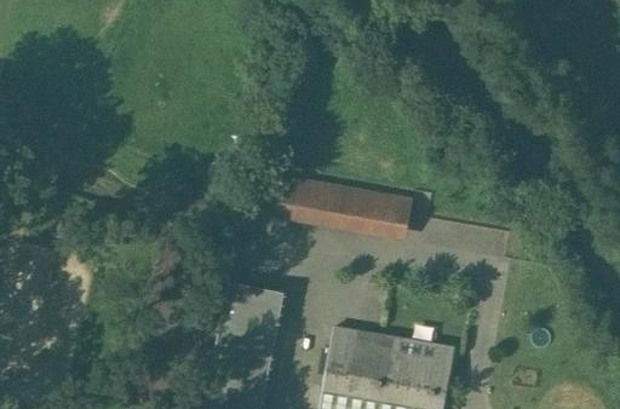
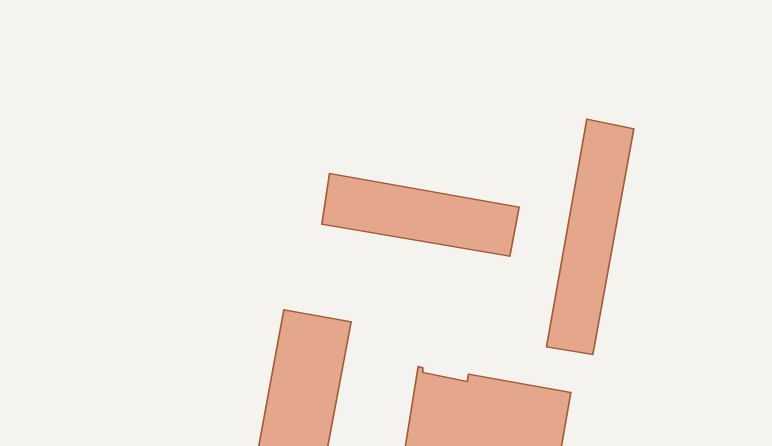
building: none -> [546,119,634,355]

